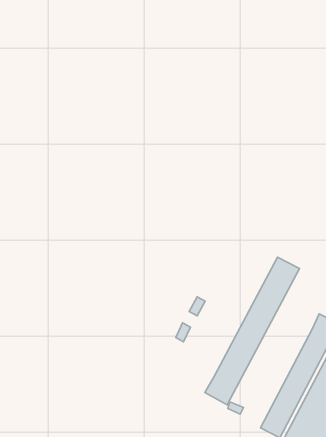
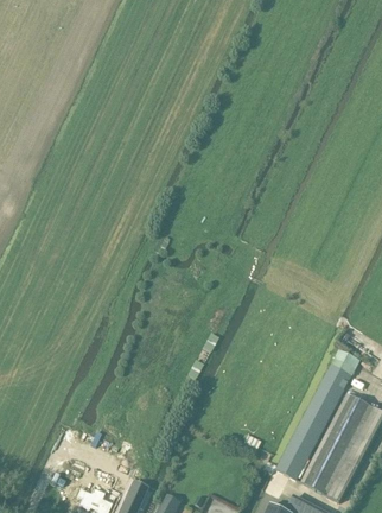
building: [205,257,299,405] -> none

